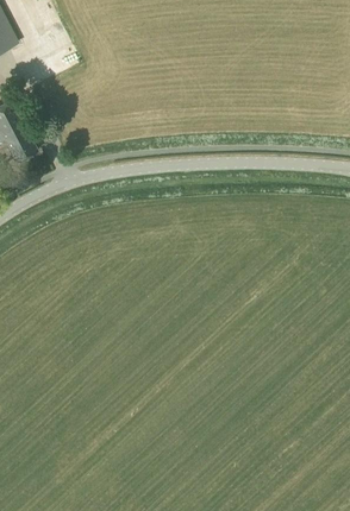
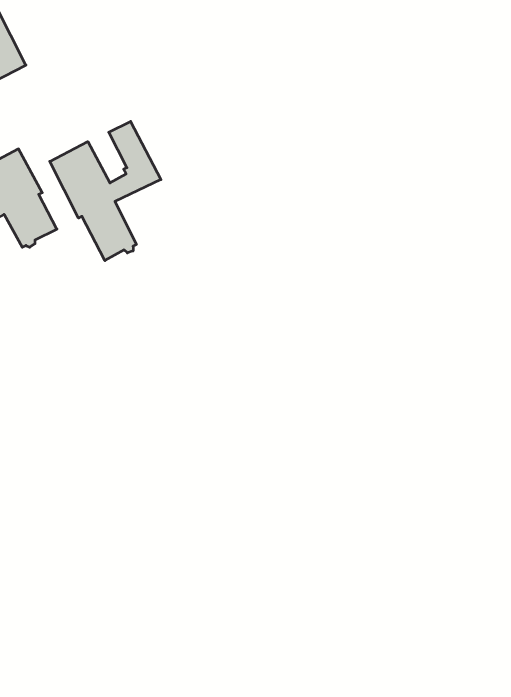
building: none -> [50,121,161,261]

